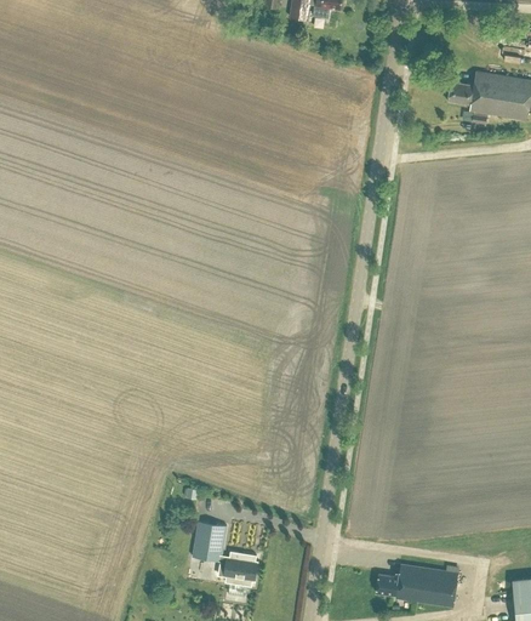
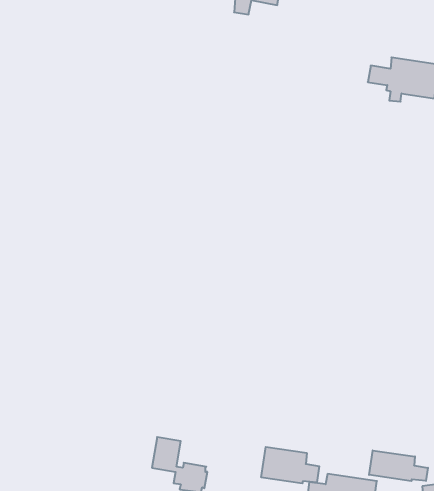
building: none -> [261,447,319,483]
building: none -> [369,450,428,481]

